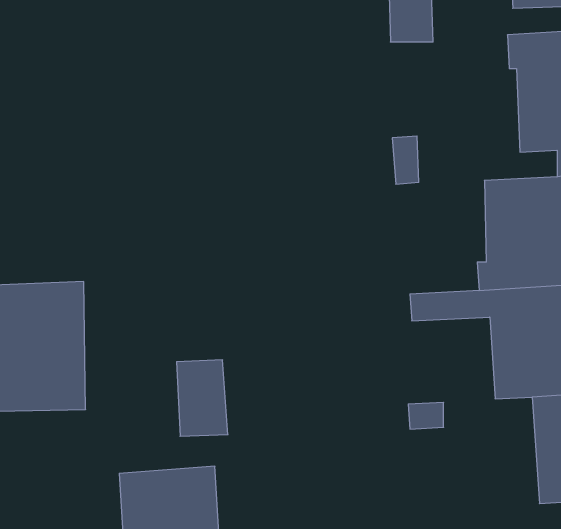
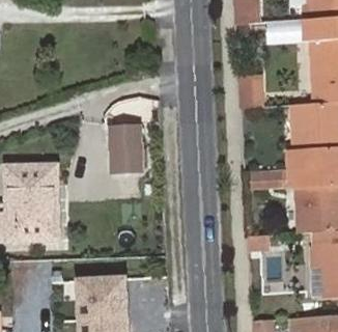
building: [177,360,228,436] -> [110,127,140,171]

